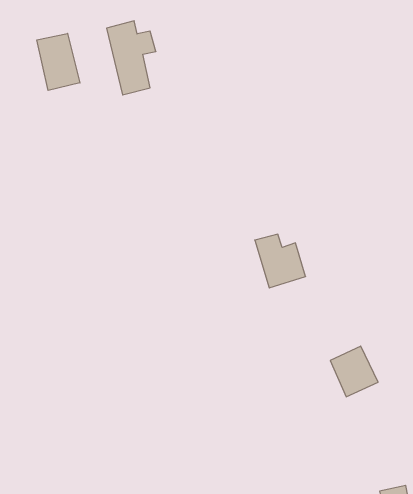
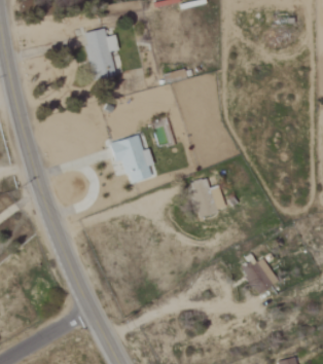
building: [37,33,80,90] -> none
building: none -> [109,135,153,182]

